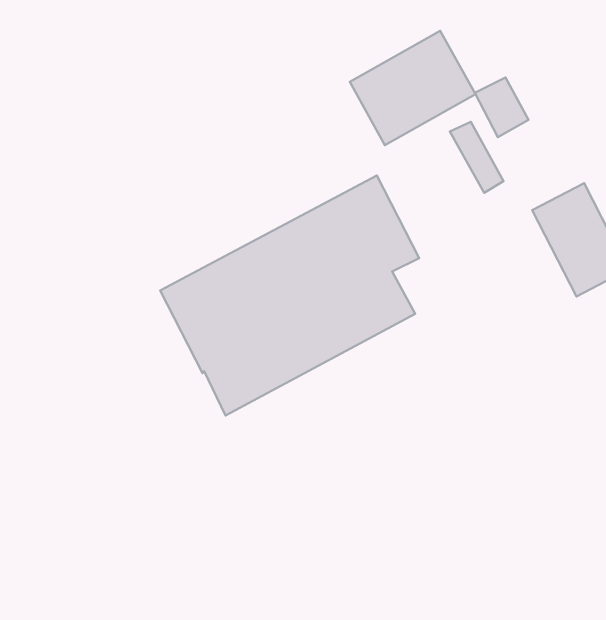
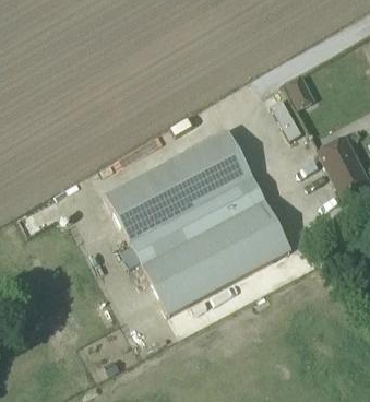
building: [350,31,475,145] -> none
building: none -> [142,200,293,315]

